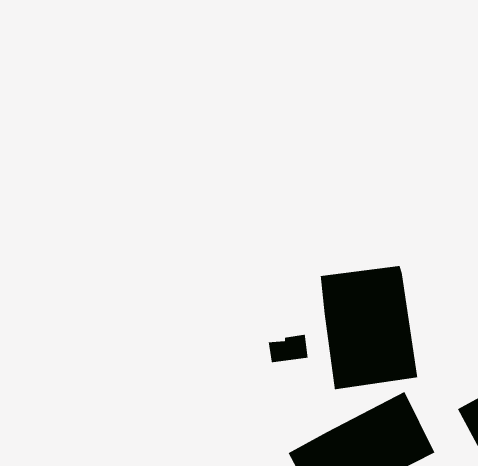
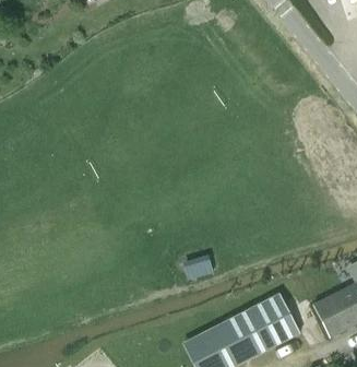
building: [320,265,418,390] -> none

